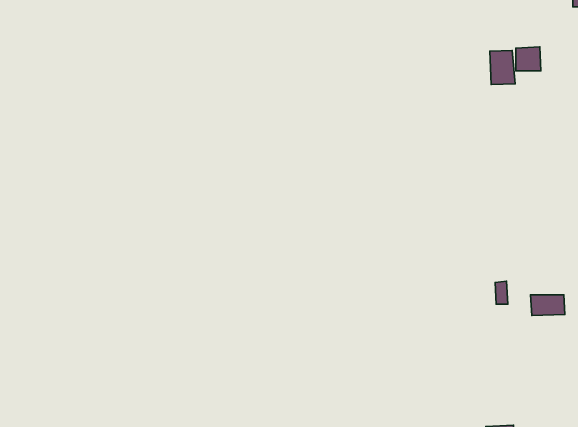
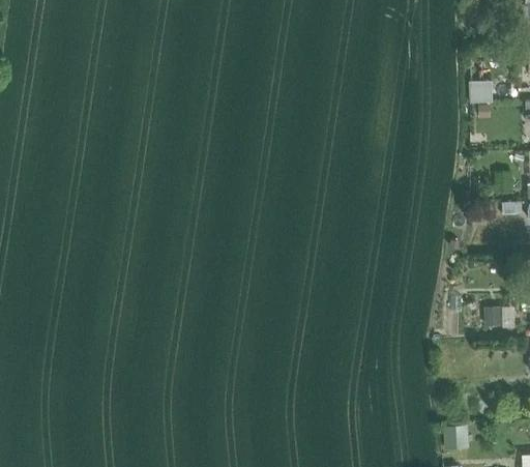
building: [490,50,515,85] -> none

